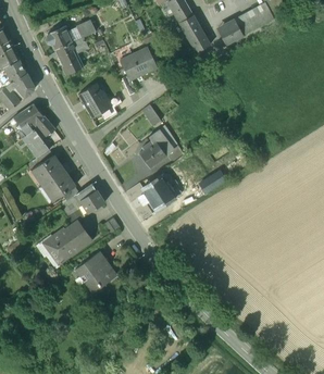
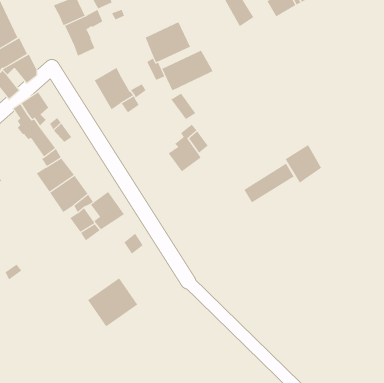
building: none -> [162,50,213,91]
building: none -> [285,144,322,184]
building: [142,177,174,210] -> none
building: [46,223,91,263] -> none

